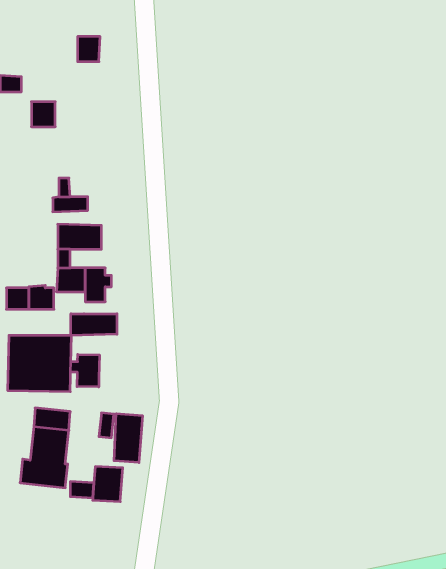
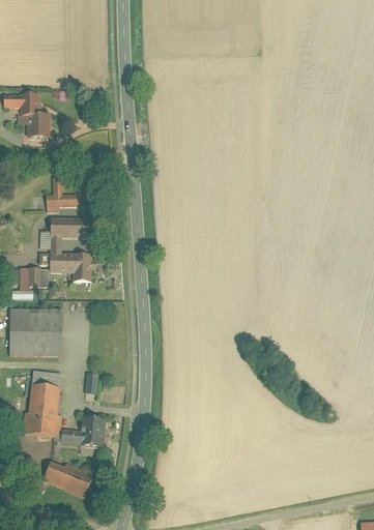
building: [78,37,100,62] -> [21,95,39,116]
building: [71,314,117,335] -> none
building: [71,354,99,387] -> none
building: [114,414,142,463] -> none
building: none -> [42,463,94,497]

